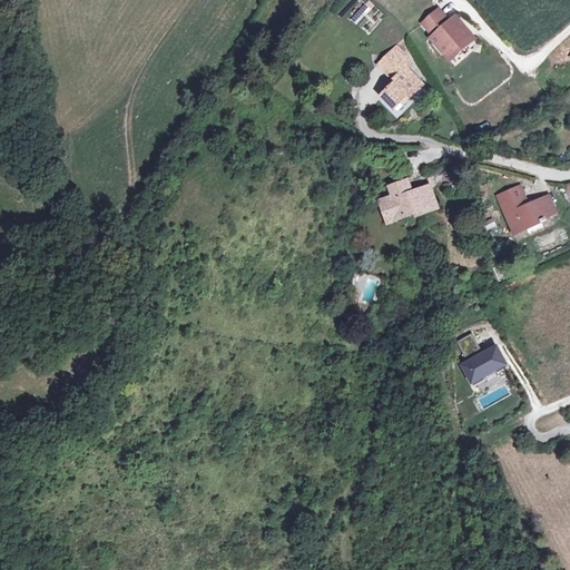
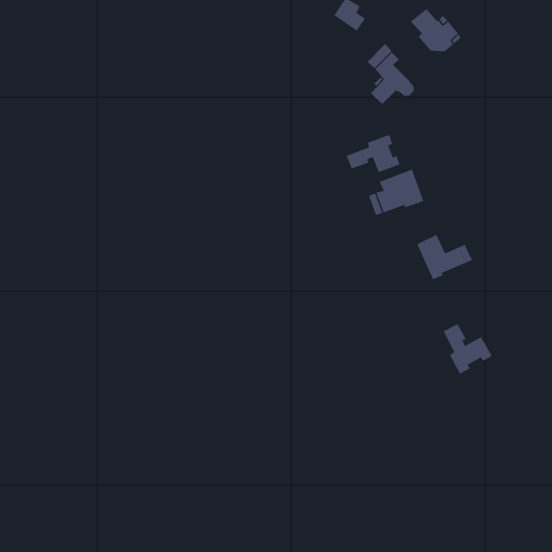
building: none -> [346,134,400,173]
building: [498,186,556,233] -> [416,234,473,280]

